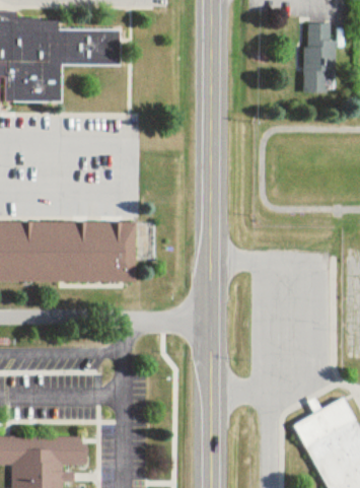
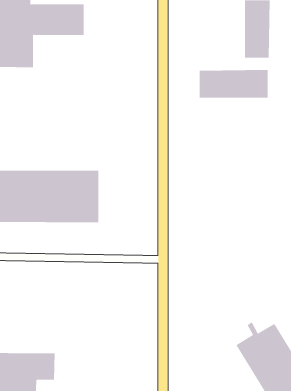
building: none -> [199,69,268,99]

